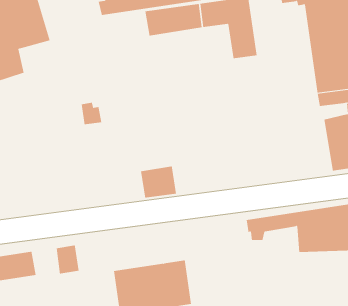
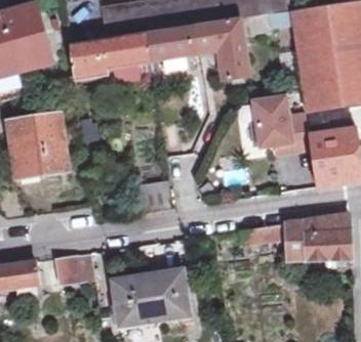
building: none -> [70,34,146,80]
building: none -> [246,95,298,156]
building: none -> [9,115,65,172]

